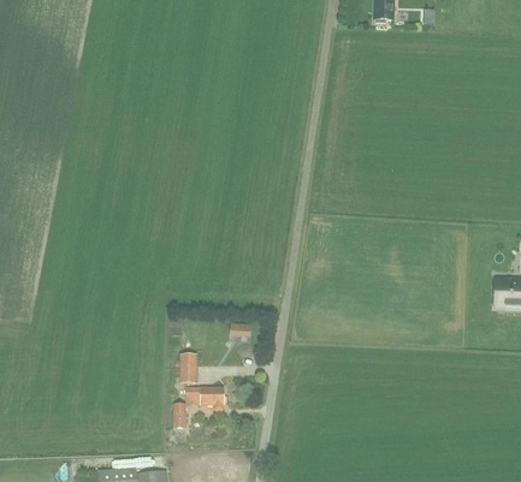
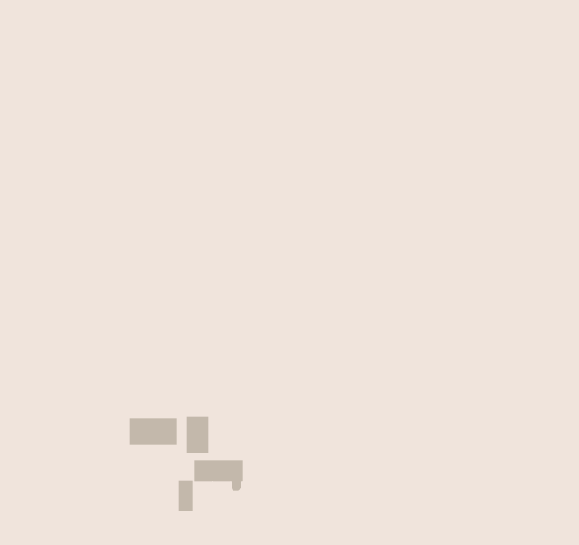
building: none -> [129,418,177,446]

